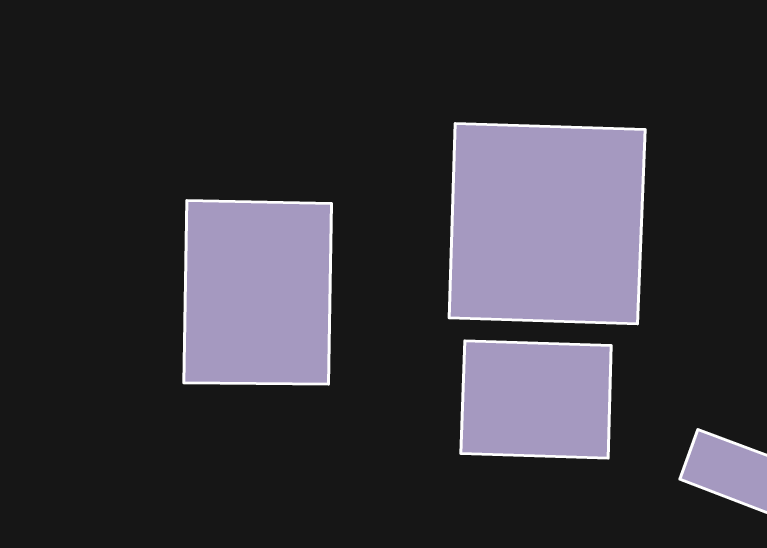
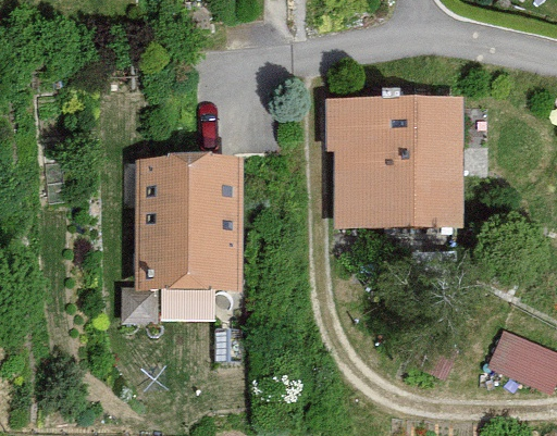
building: [461,341,611,458] -> none

